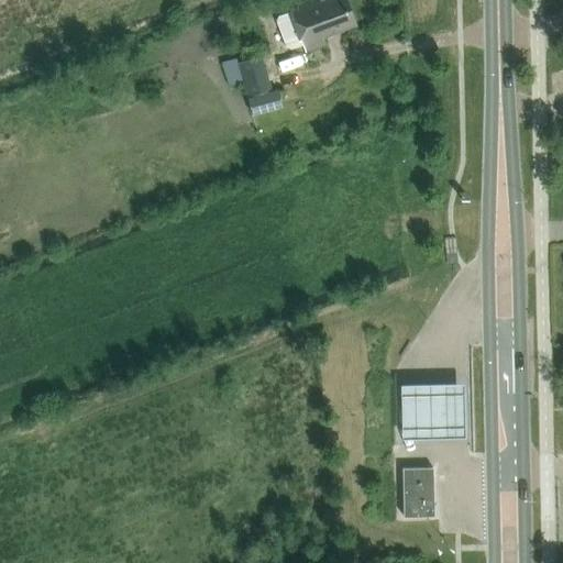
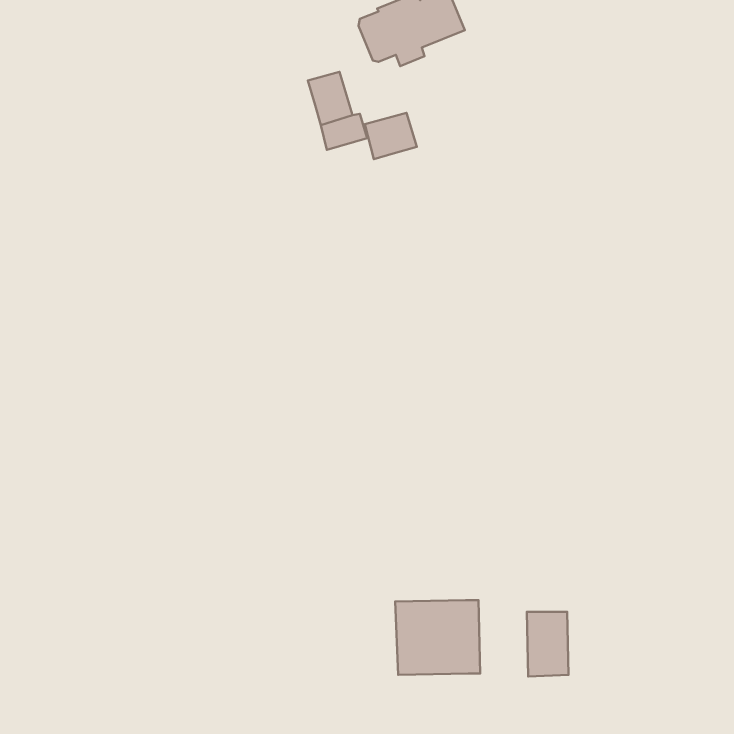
building: none -> [365,113,417,159]
building: [399,382,464,439] -> [395,600,480,675]

